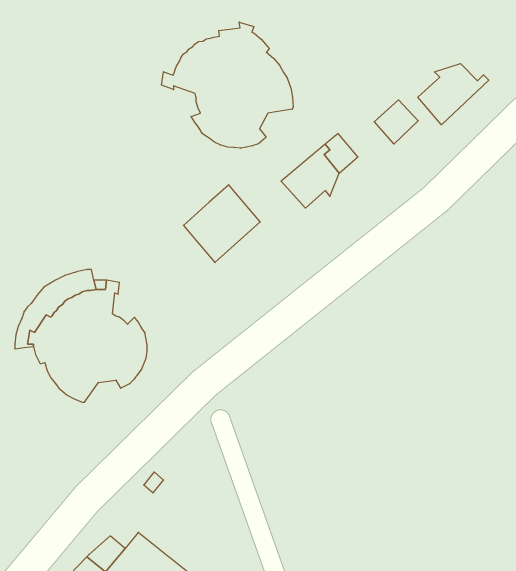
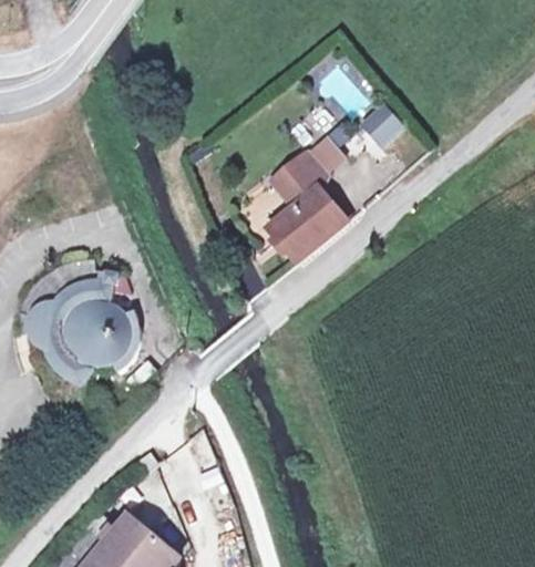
building: [162,22,293,148] -> none
building: [418,64,489,125] -> none
building: [183,185,260,263] -> [270,190,343,265]

